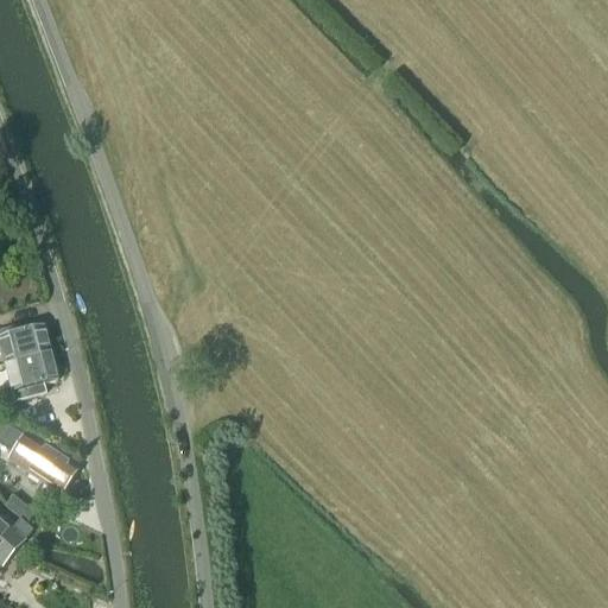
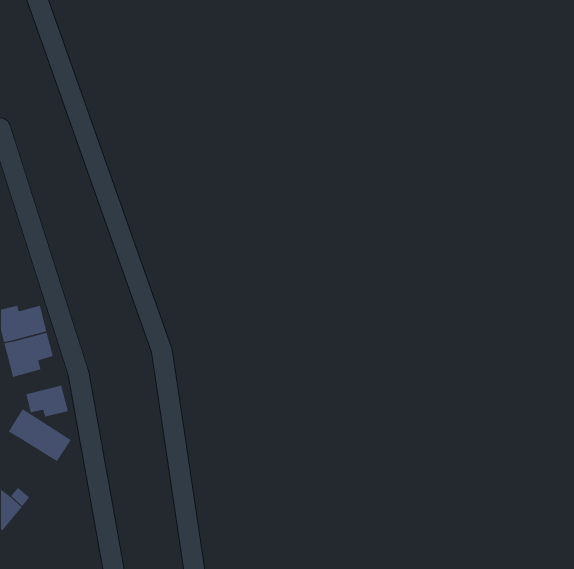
building: none -> [26,385,69,417]

